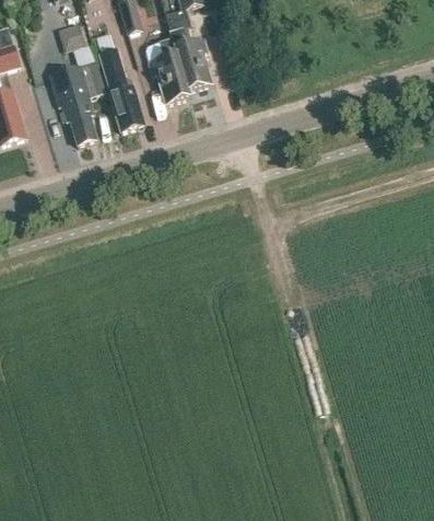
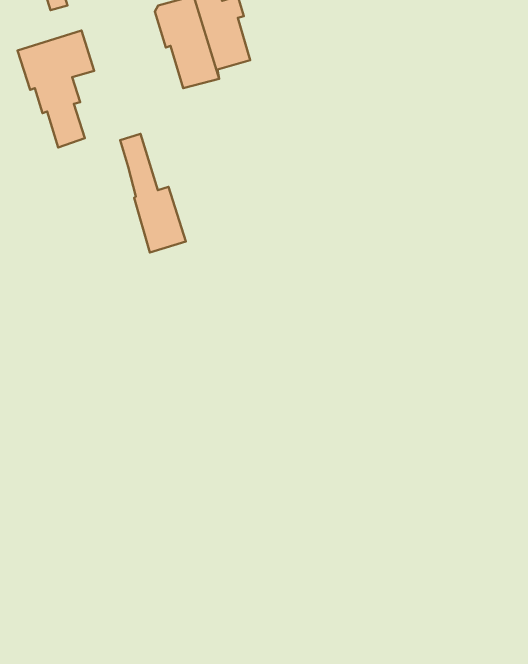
building: [99,47,145,130] -> [120,134,186,253]

